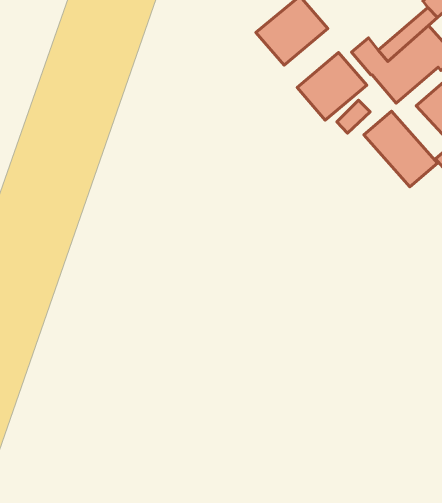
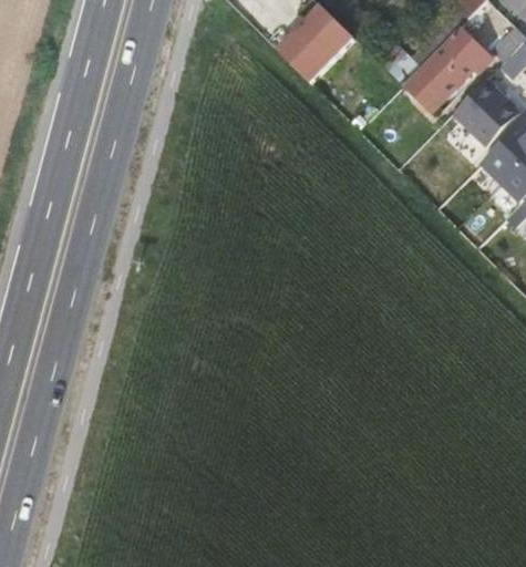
building: [297,52,367,120] -> none
building: [364,111,437,187] -> none

